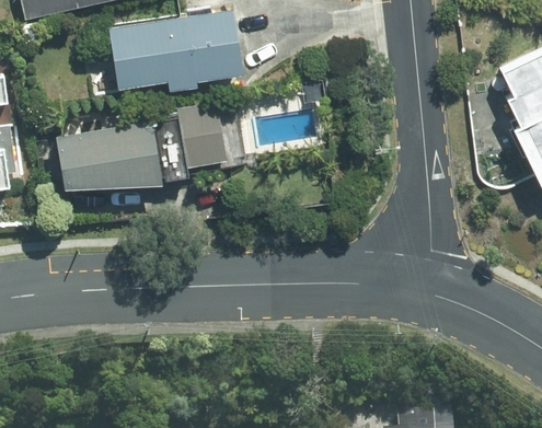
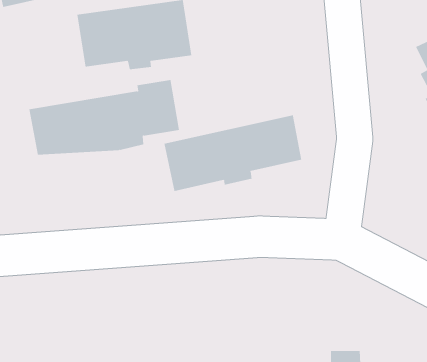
building: none -> [164,115,302,192]

